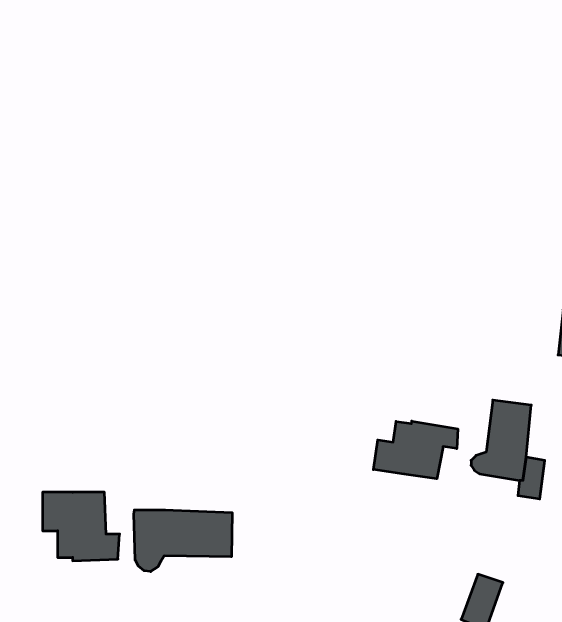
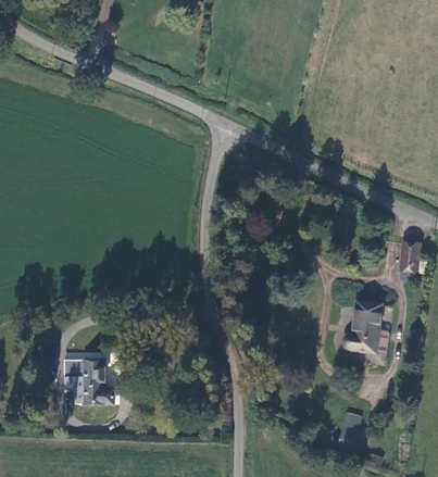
building: [373,421,458,479] -> none
building: [134,510,232,572] -> none

